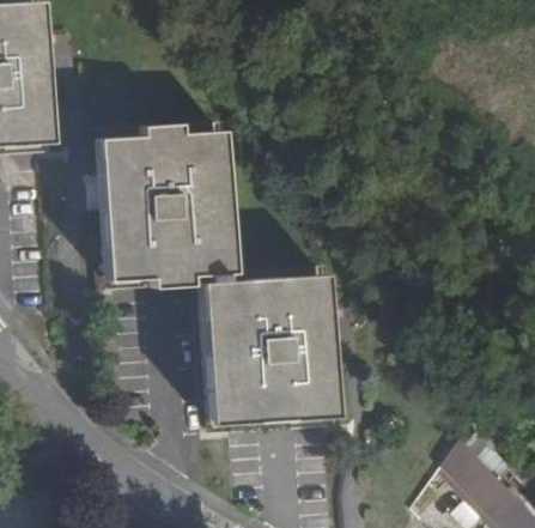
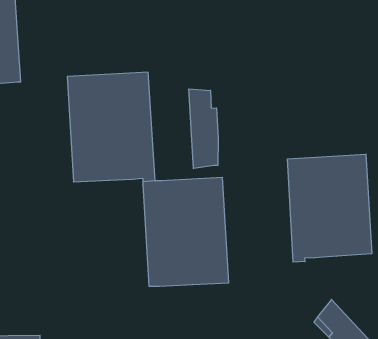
building: none -> [189,89,218,169]
building: none -> [288,154,372,262]

